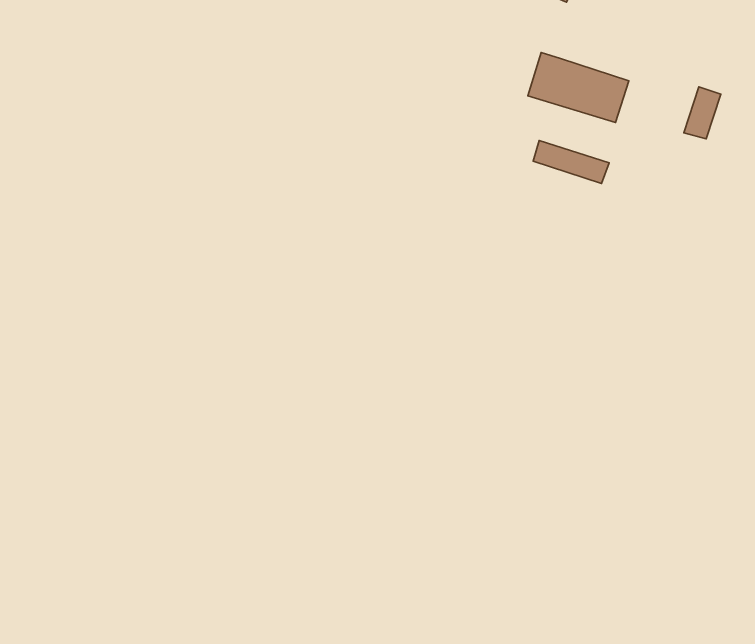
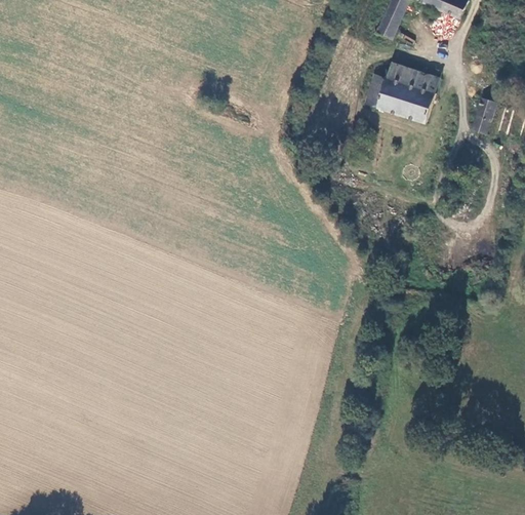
building: [533,141,609,184] -> [387,62,439,91]

